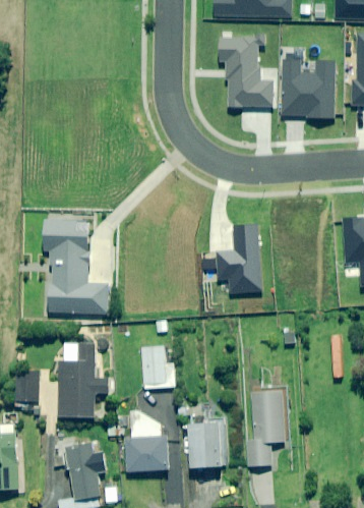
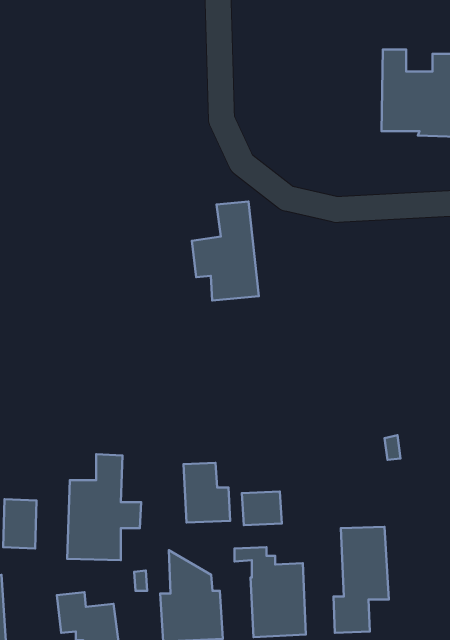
building: [220,38,270,105] -> none
building: [42,220,110,313] -> none
building: [215,224,261,293] -> [192,202,259,300]
building: none -> [242,492,282,525]

